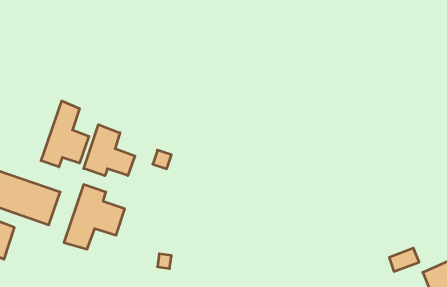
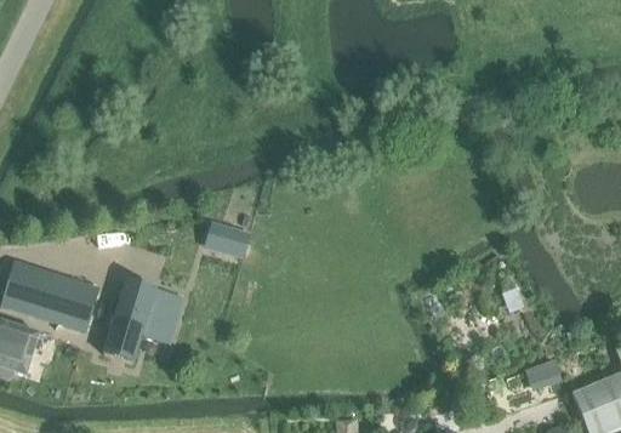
building: [41,101,89,167] -> none
building: [84,125,135,176] -> none

